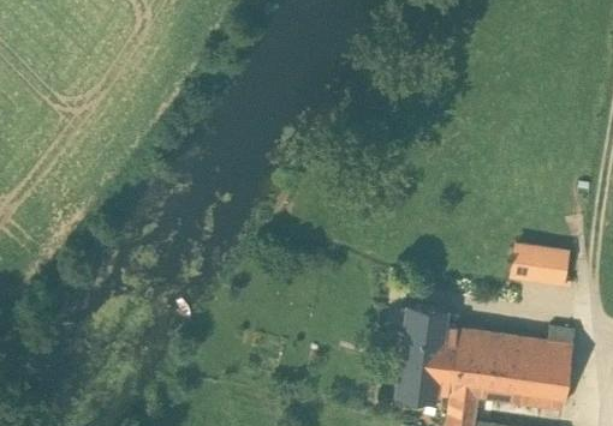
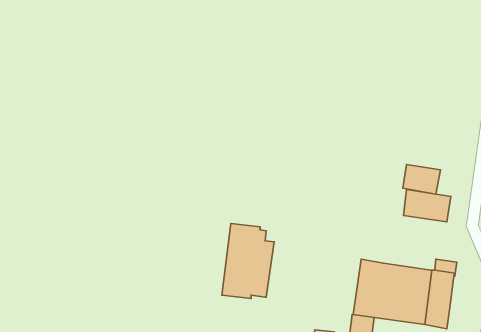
building: none -> [403,165,441,194]
building: [399,305,462,394] -> [222,224,274,298]

